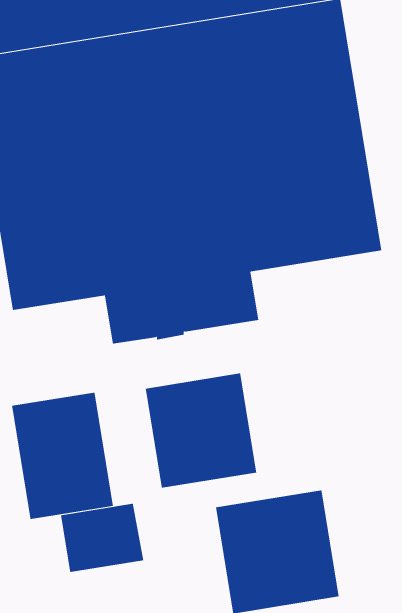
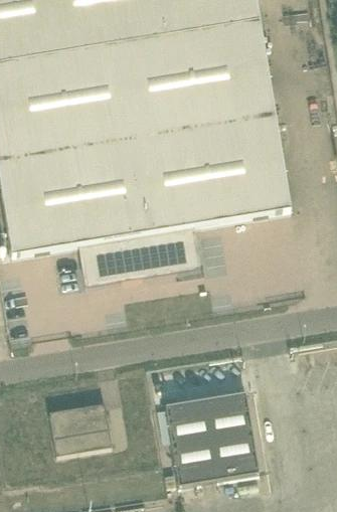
building: [145,373,257,489] -> none
building: [11,392,114,520] -> none

